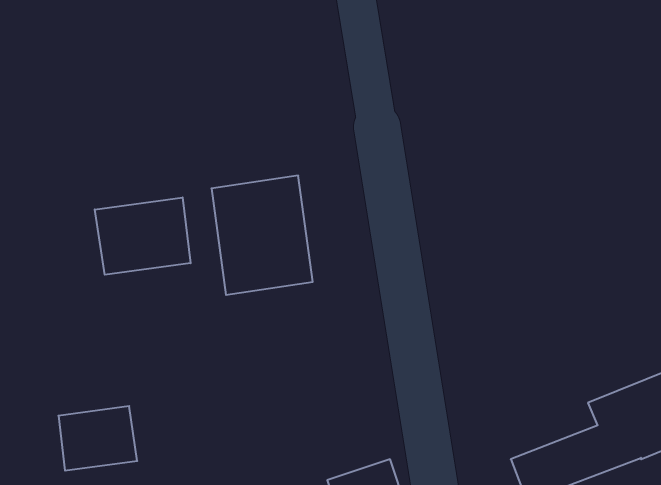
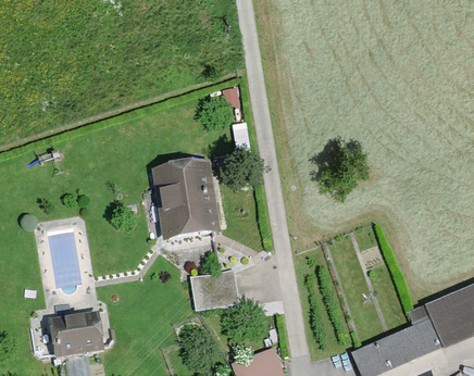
building: [95,197,191,275] -> none
building: none -> [189,271,235,309]

